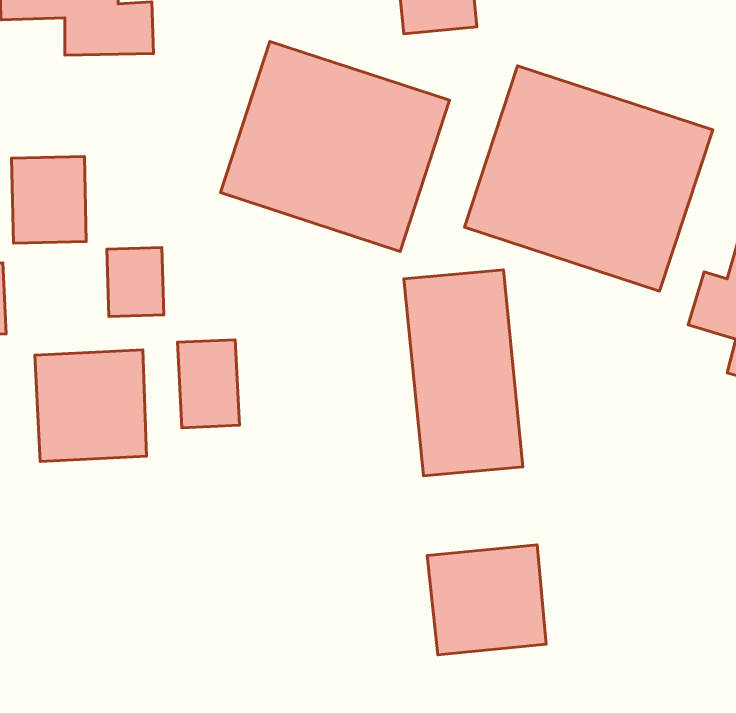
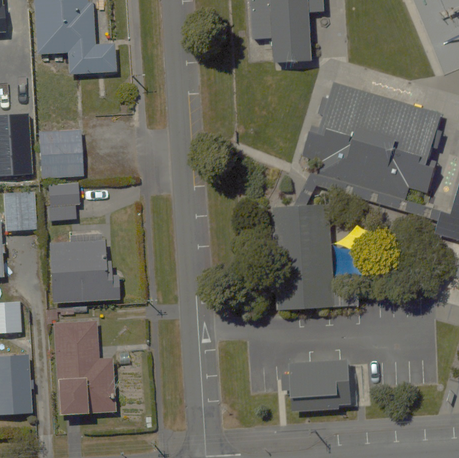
building: [221,41,449,251] -> none
building: [107,247,164,317] -> [49,183,81,222]
building: [178,340,239,428] -> none
building: none -> [57,320,115,414]

